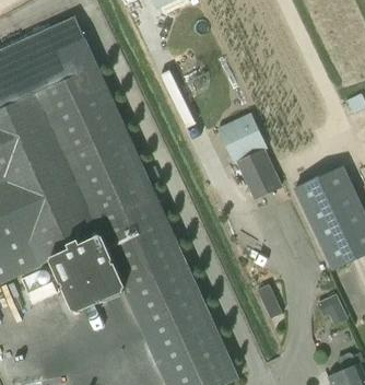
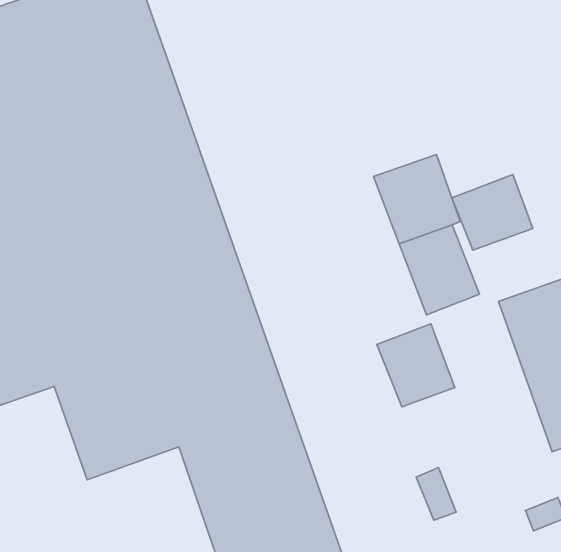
building: none -> [452,175,533,250]
building: none -> [377,324,455,407]

